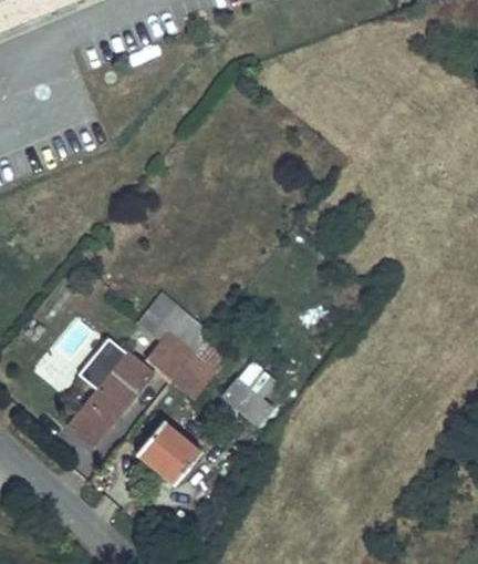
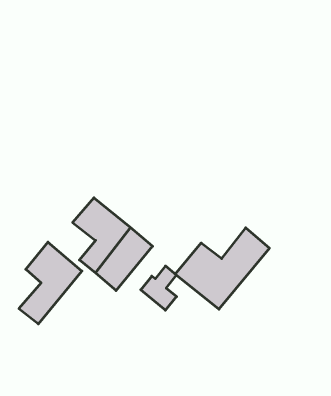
building: none -> [175,228,269,309]
building: [128,419,197,485] -> none

